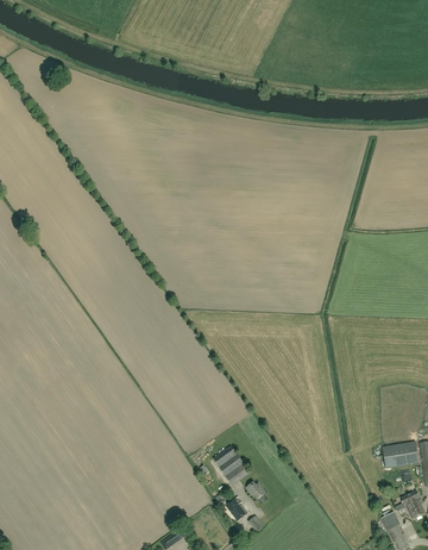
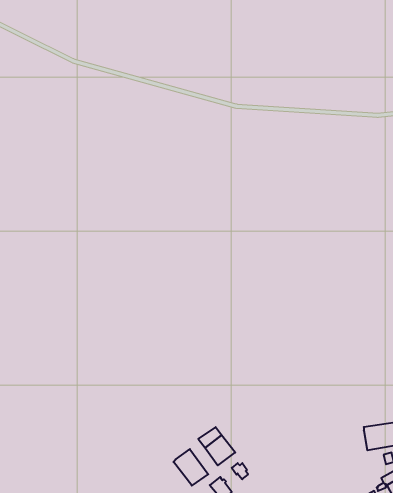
building: none -> [173,449,208,486]

